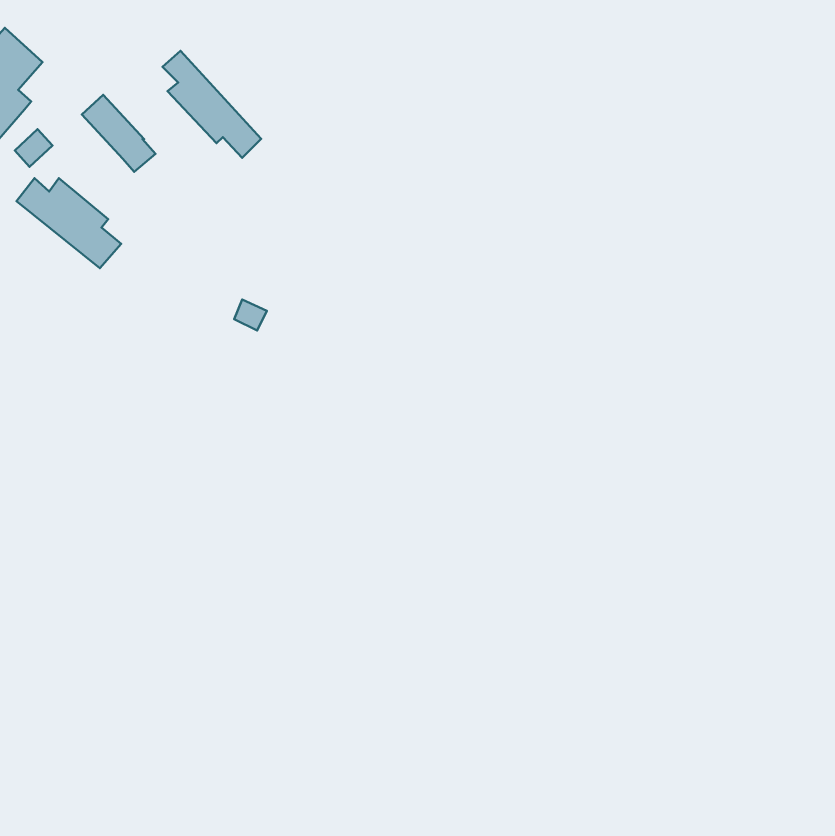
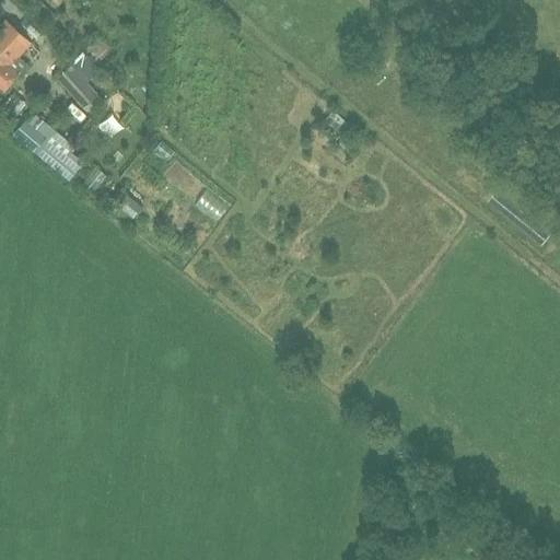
building: [163,51,261,158] -> none

